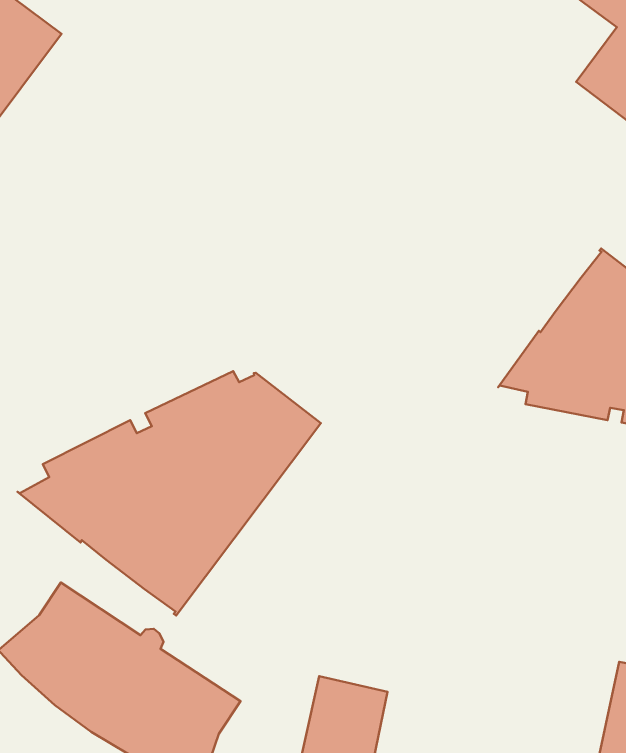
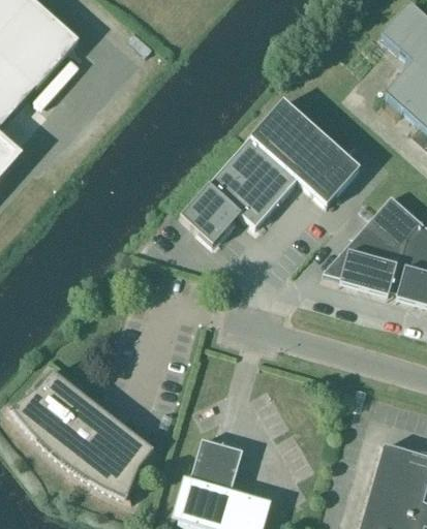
building: none -> [180,100,361,245]
building: [17,371,321,615] -> none

